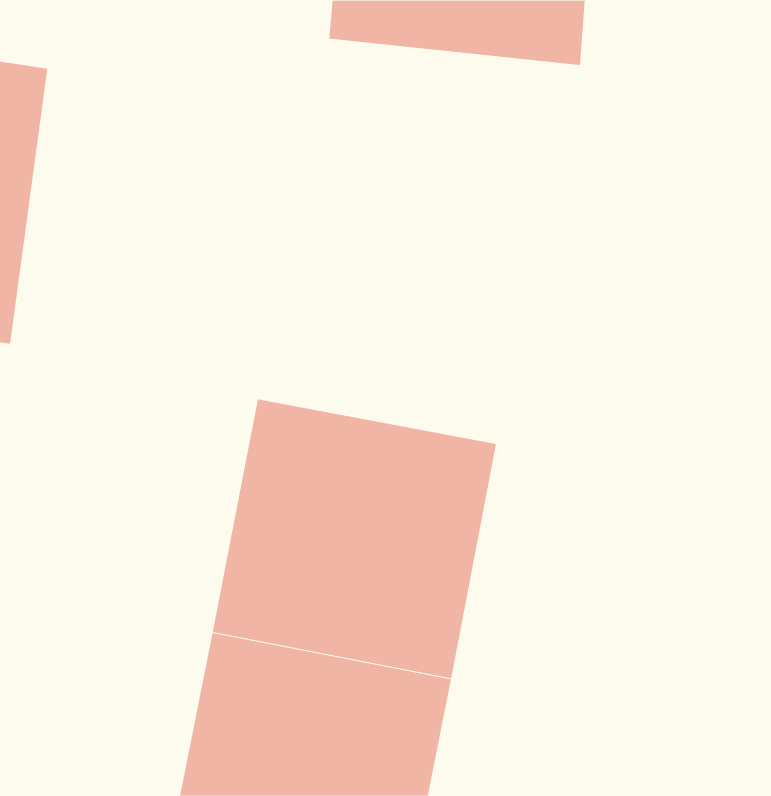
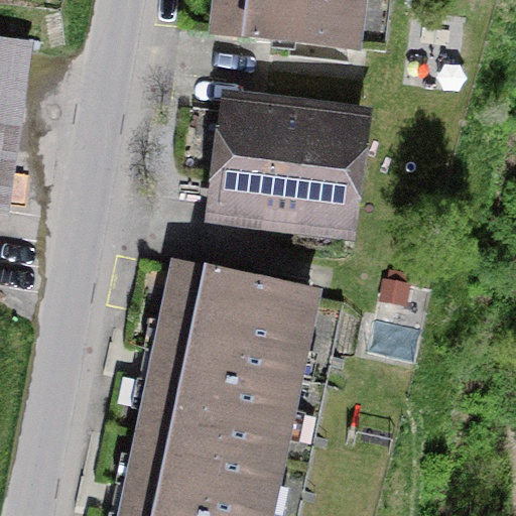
building: none -> [212,91,380,237]

